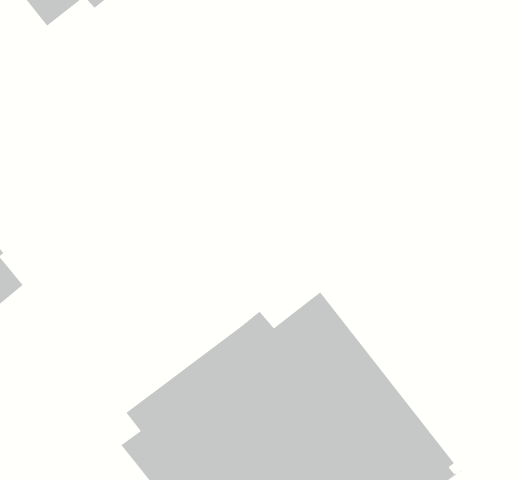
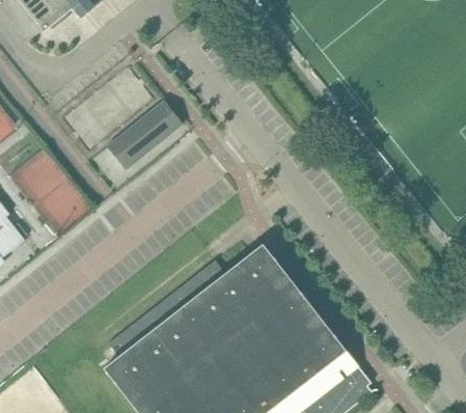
building: none -> [108,101,184,170]

